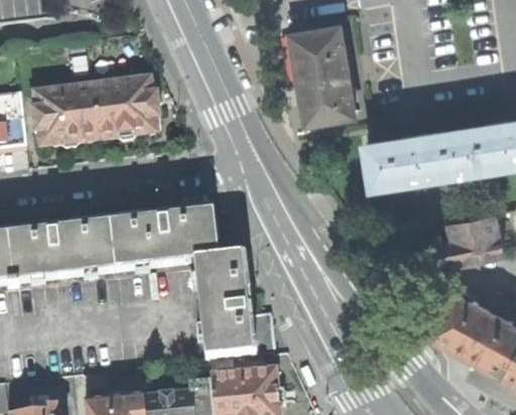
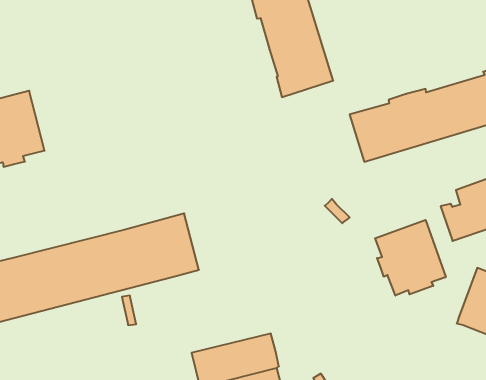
building: [92,78,158,139] -> none
building: none -> [375,220,446,296]
building: [194,255,271,328] -> none

